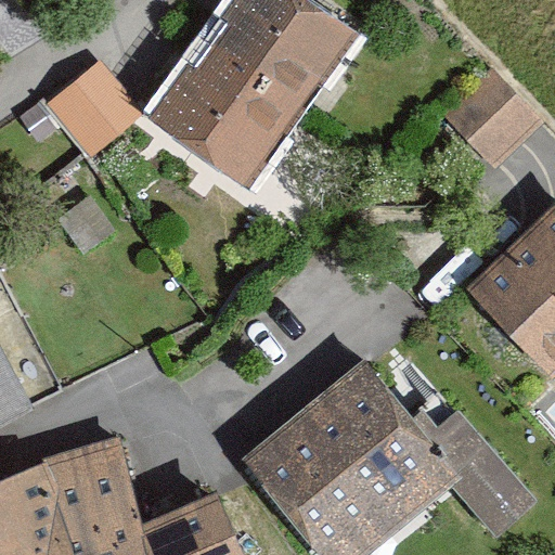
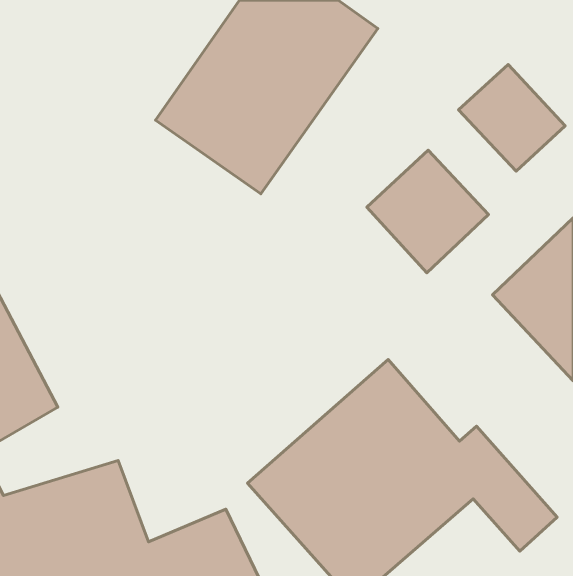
building: [47,72,138,164] -> none
building: none -> [367,150,488,273]

